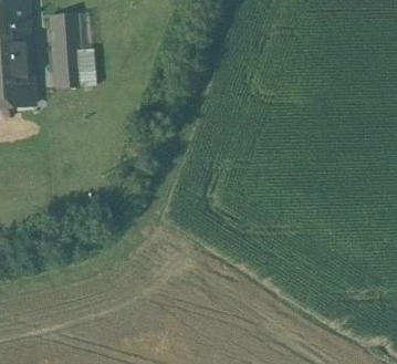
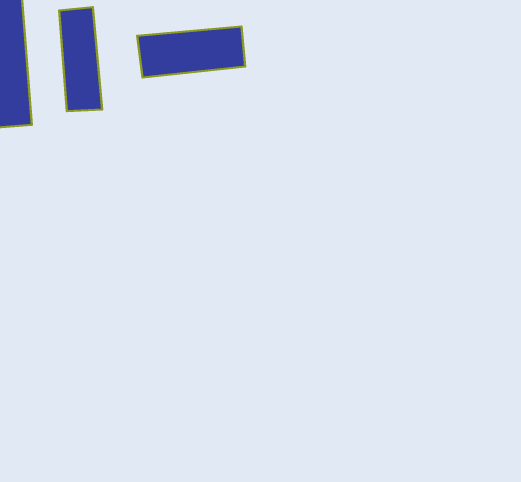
building: none -> [137,26,245,77]

